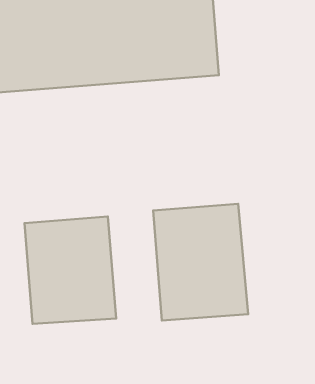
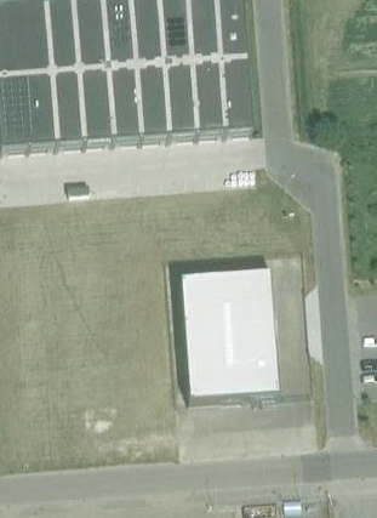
building: [24,216,116,324] -> none

